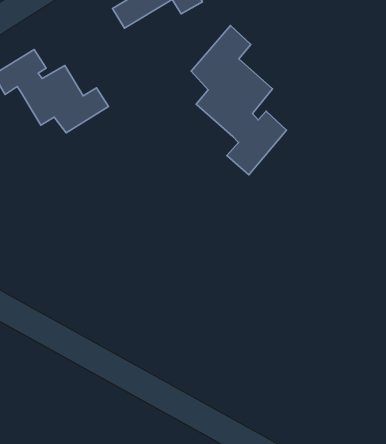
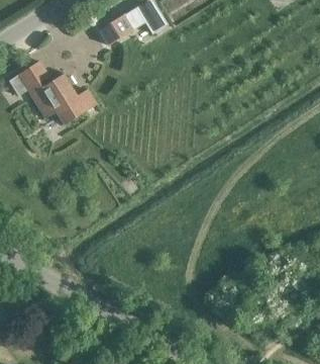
building: [191,25,286,175] -> none

